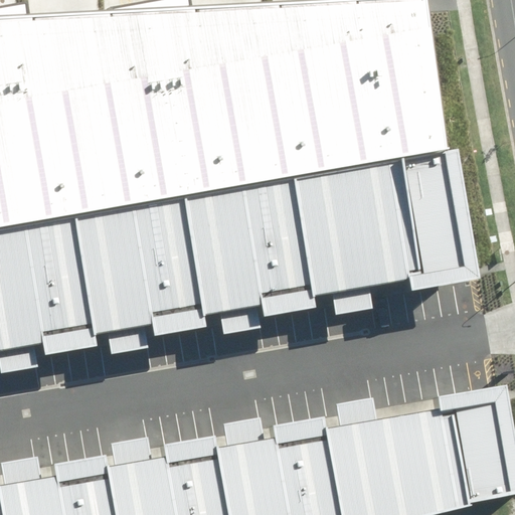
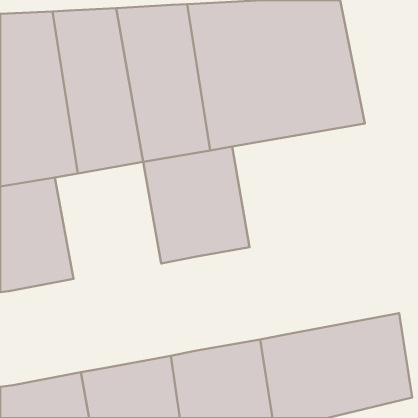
building: [286,152,473,304] -> none
building: [67,199,198,343] -> none

